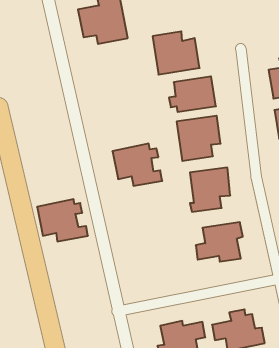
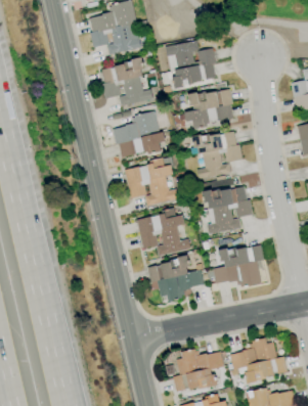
building: none -> [100,60,153,106]
building: none -> [115,111,166,159]
building: [37,199,88,241] -> [137,211,191,256]
building: none -> [148,258,205,301]

